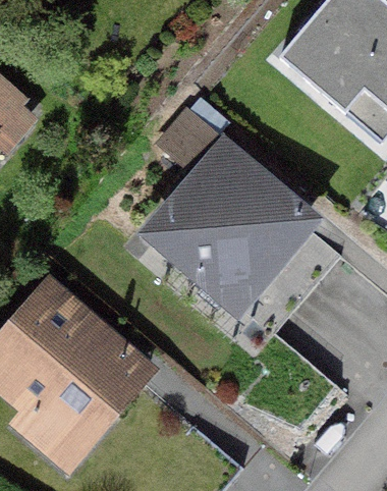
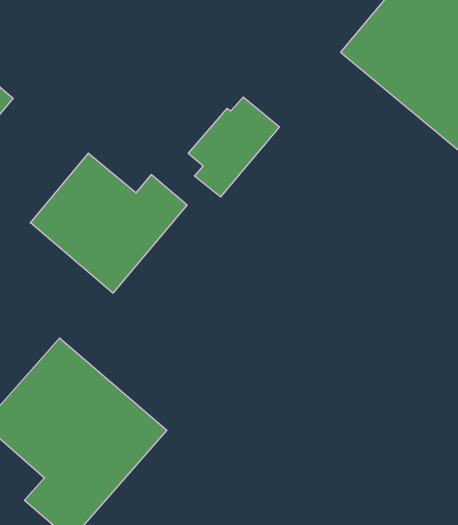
building: none -> [30,153,187,293]
building: [159,156,301,298] -> none

